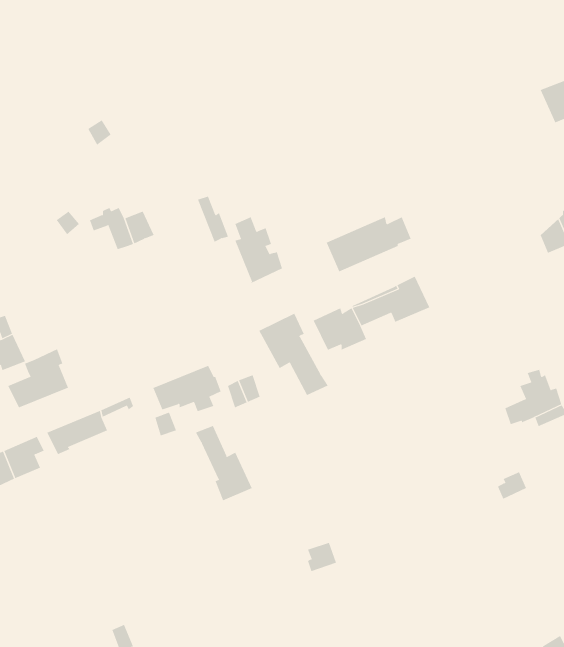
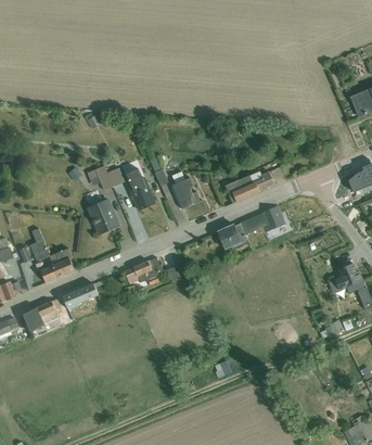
building: none -> [126,168,156,211]
building: none -> [89,195,119,233]
building: [259,313,328,396] -> none
building: [195,425,252,501] -> none

